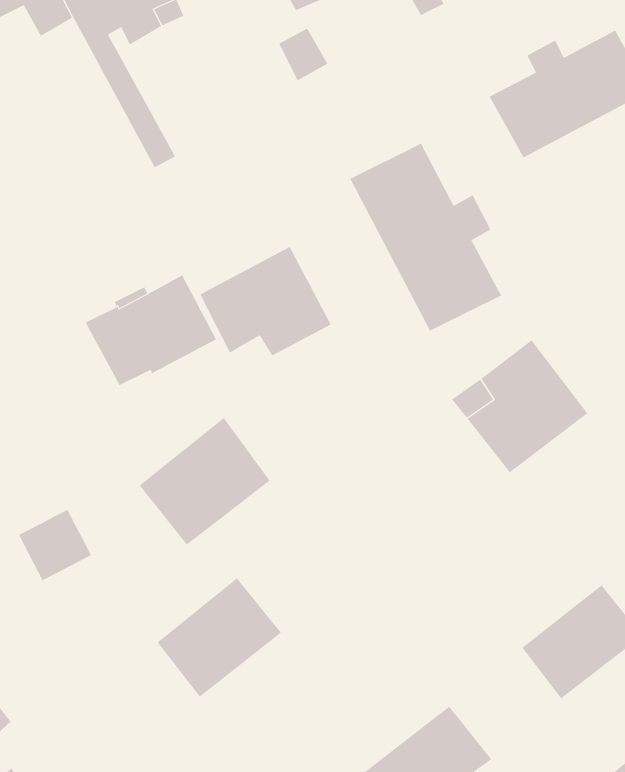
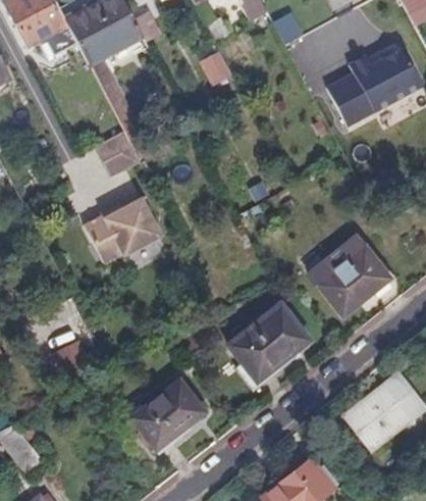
building: [349,143,502,332] -> none
building: none -> [97,133,142,176]
building: [199,246,331,356] -> none
building: [139,417,271,546] -> [225,305,304,382]

